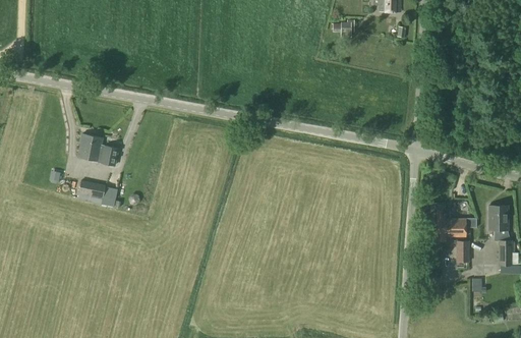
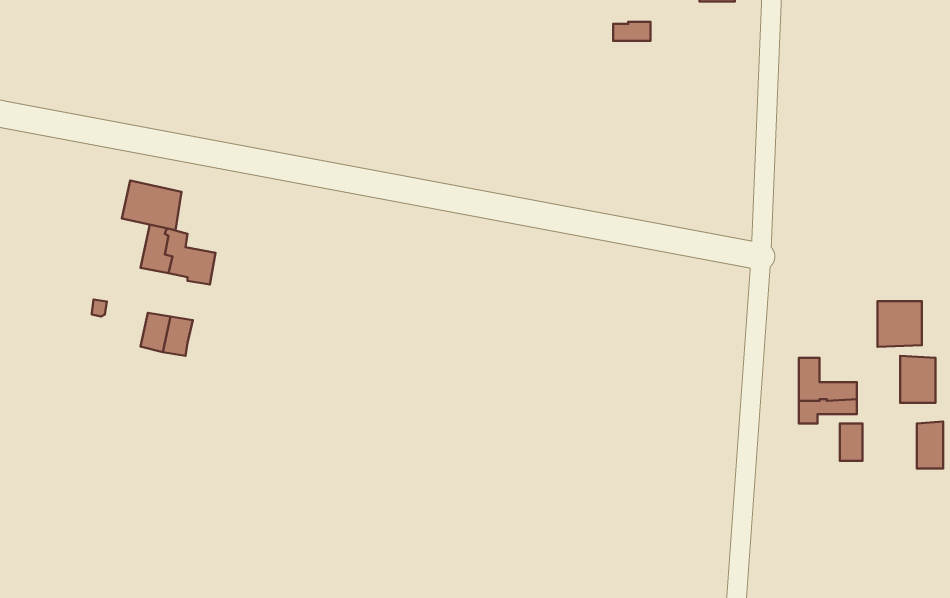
building: none -> [122,181,182,230]
building: none -> [877,301,922,347]

